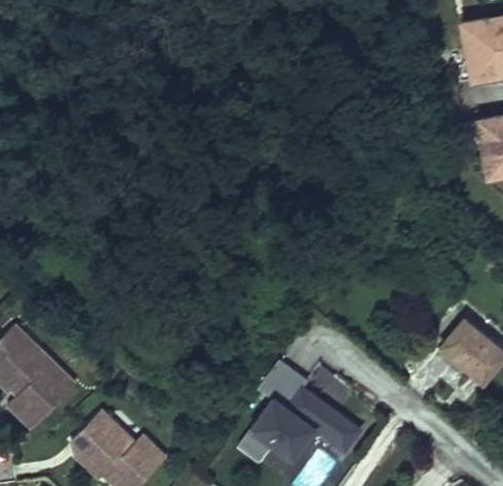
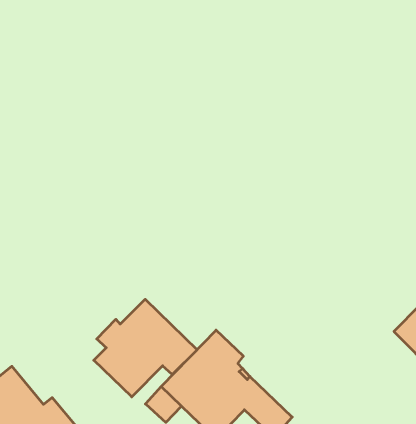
building: none -> [94,299,197,397]

